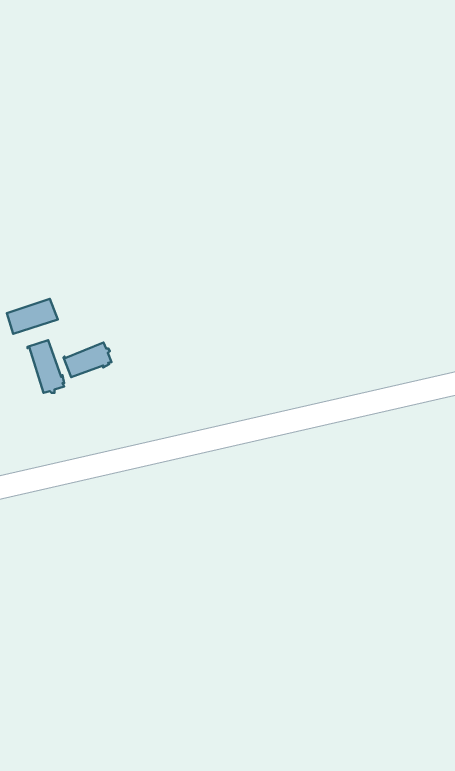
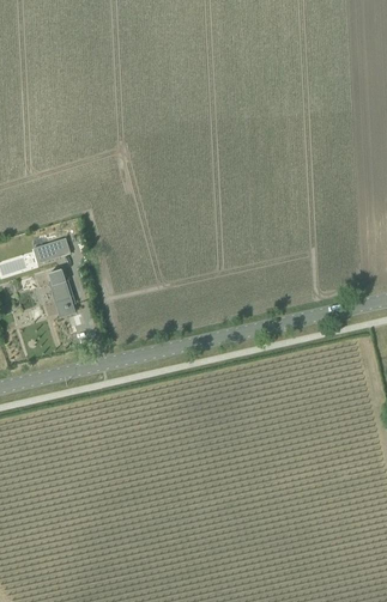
building: [63,343,111,377] -> none

